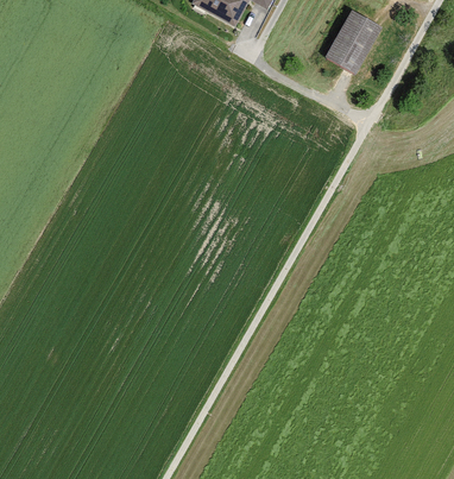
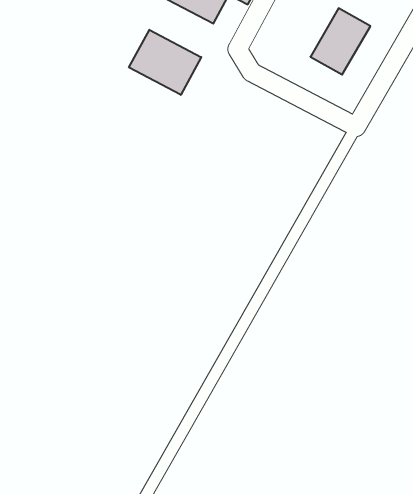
building: none -> [129,30,201,95]

